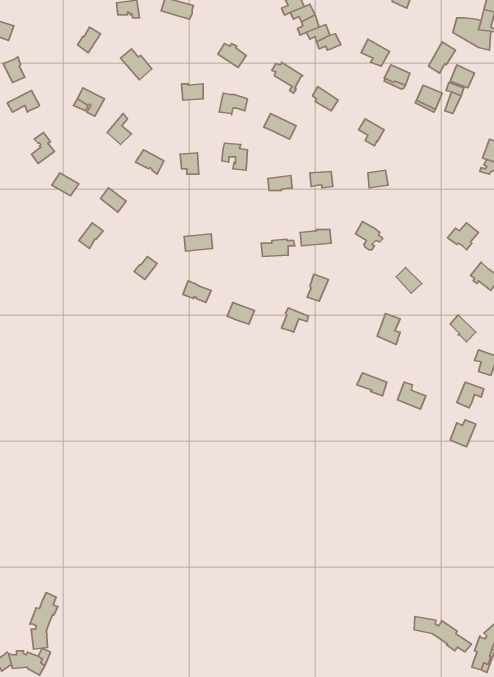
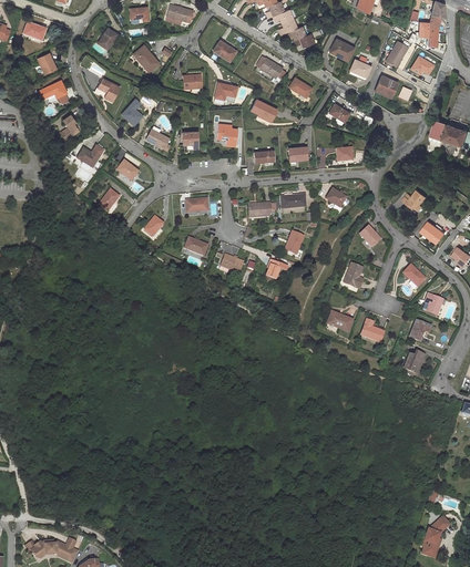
building: [30,592,58,649] -> none
building: [414,617,472,652] -> none

